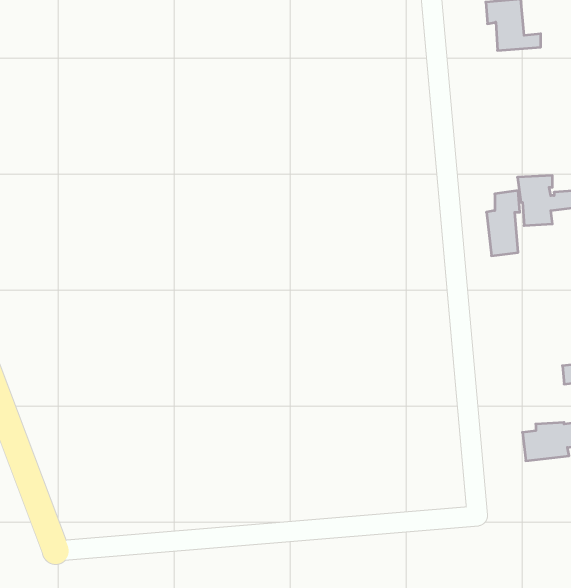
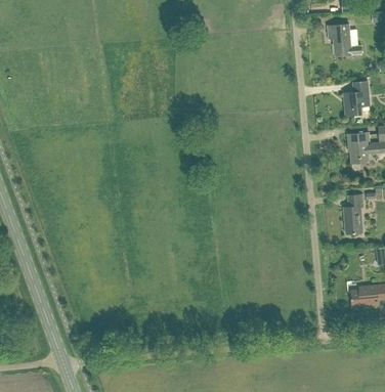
building: none -> [343,81,369,115]
building: [486,191,520,256] -> [342,193,362,233]

